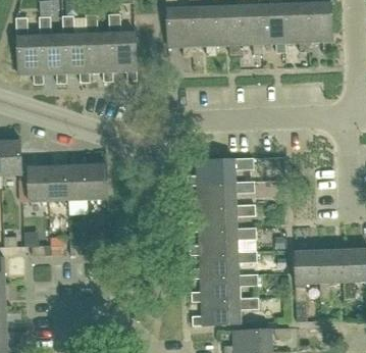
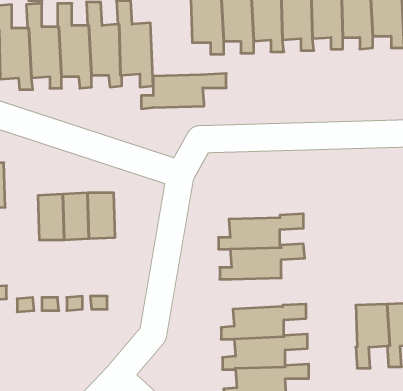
building: [188,157,254,185] -> [141,73,226,109]
building: [28,165,49,201] -> none
building: [190,226,257,254] -> none

